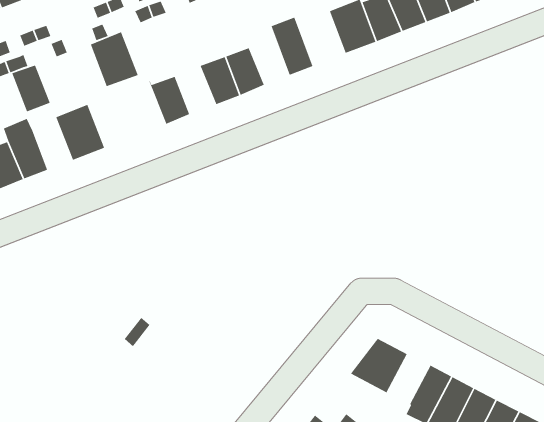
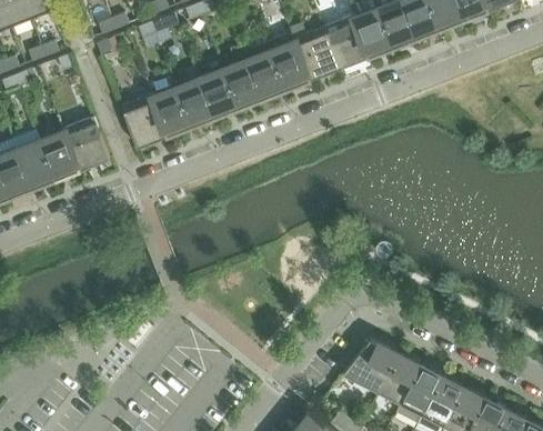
building: none -> [290,21,339,80]
building: none -> [243,41,285,98]
building: [90,31,139,87] -> [121,93,168,147]
building: [11,59,51,113] -> [41,128,79,179]
building: none -> [177,79,215,126]
building: none -> [379,354,420,402]

